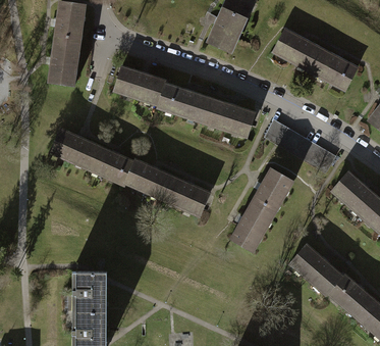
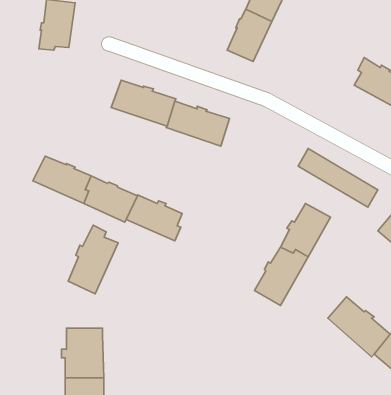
building: [273,30,320,71] -> none
building: [49,40,78,87] -> none
building: [203,99,255,137] -> none
building: [165,177,209,215] -> none
building: none -> [68,225,118,294]

